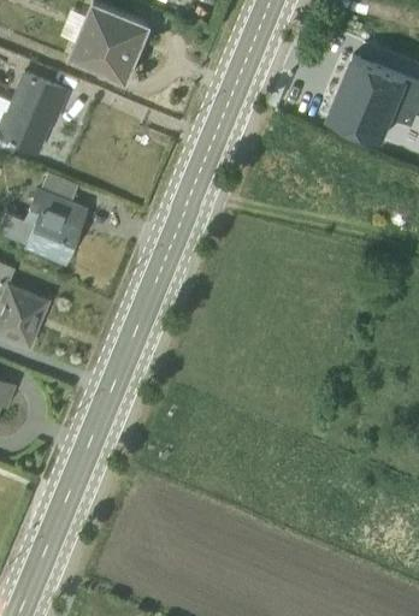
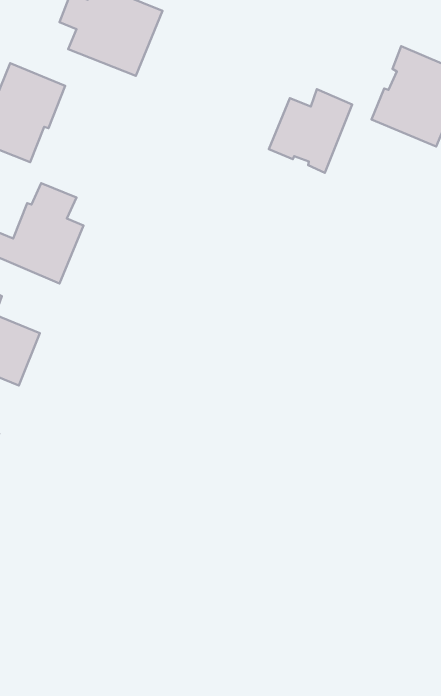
building: none -> [269,89,352,173]

